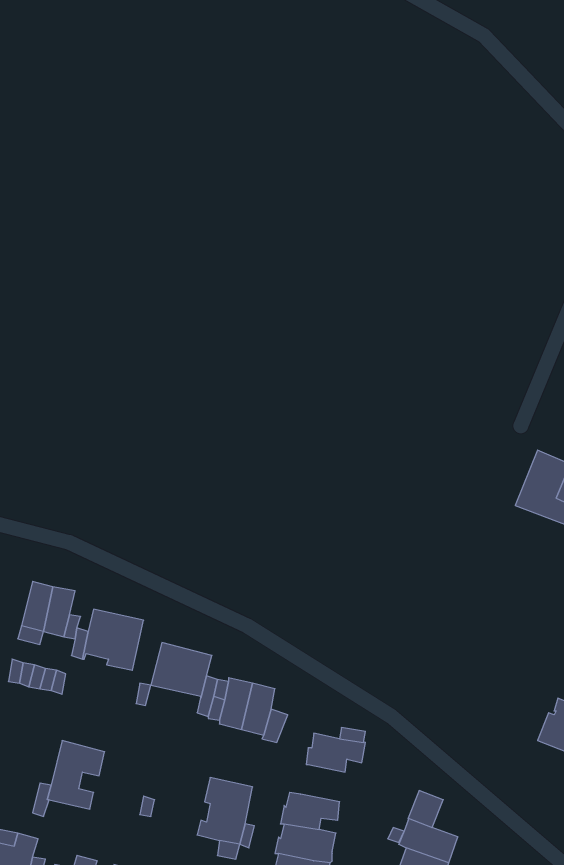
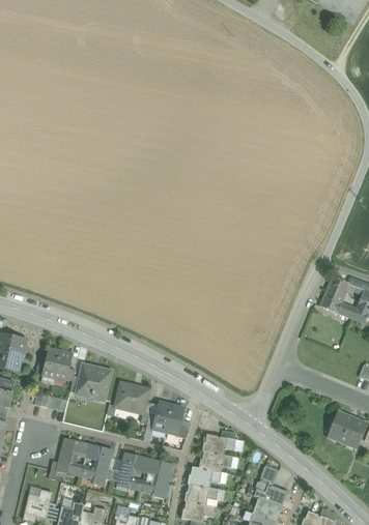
building: none -> [81,443,112,480]
building: none -> [199,450,232,471]
building: none -> [117,453,148,490]

